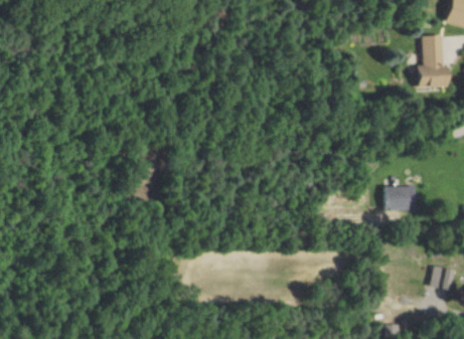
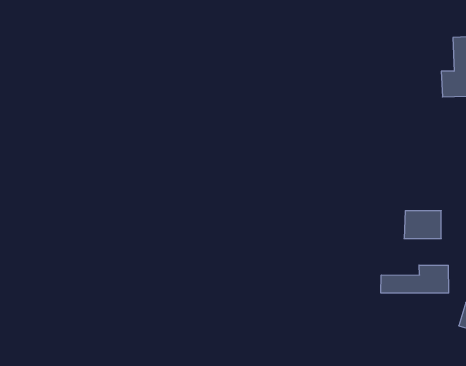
building: none -> [381,265,449,293]

